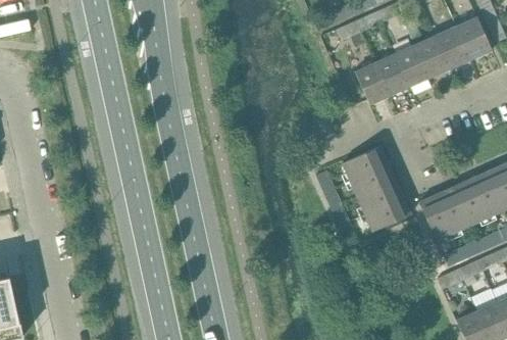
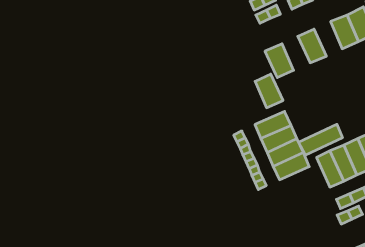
building: [415,35,450,78] -> none
building: [375,53,410,95] -> [255,74,283,108]
building: none -> [299,124,342,155]

